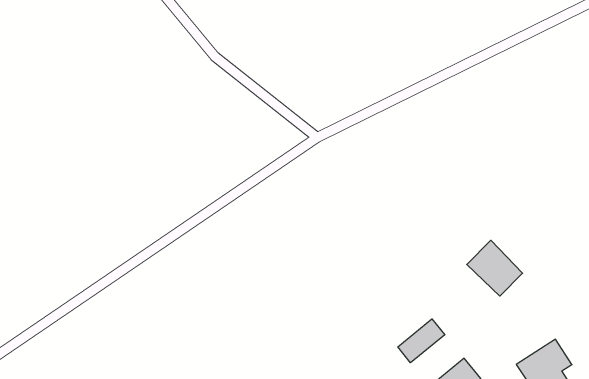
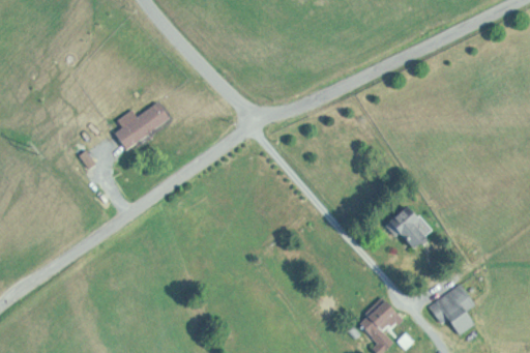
building: none -> [114,101,170,149]
building: [398,319,445,363] -> none

